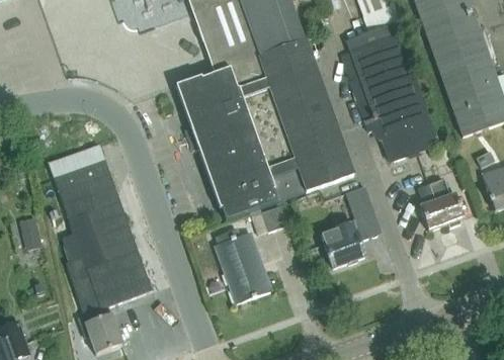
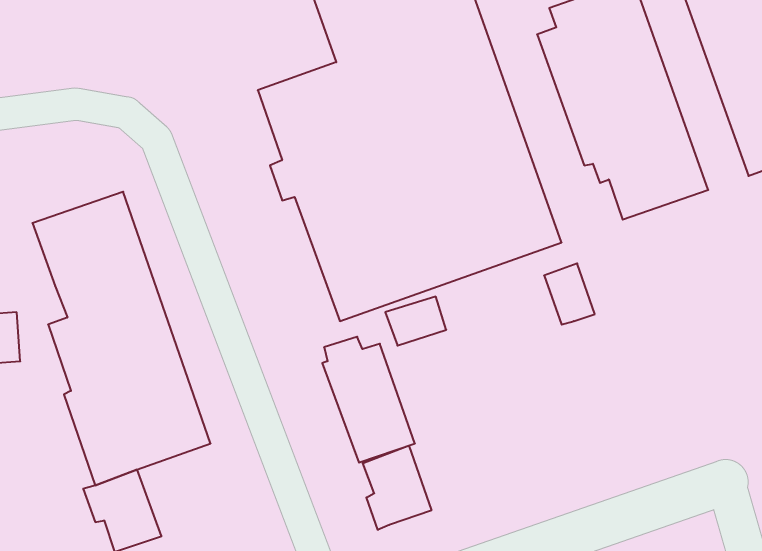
building: [418,179,464,230] -> none
building: [321,219,368,267] -> none
building: none -> [363,446,431,530]

